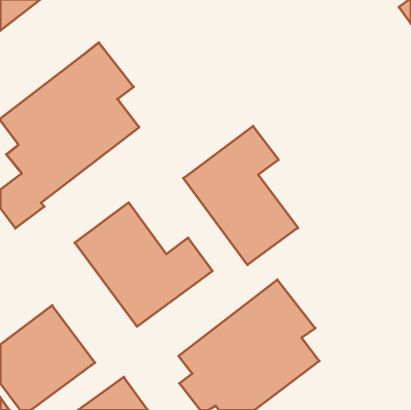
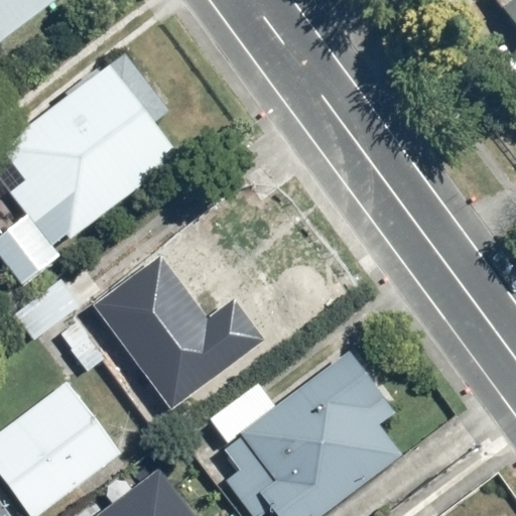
building: [183,126,298,265] -> none

